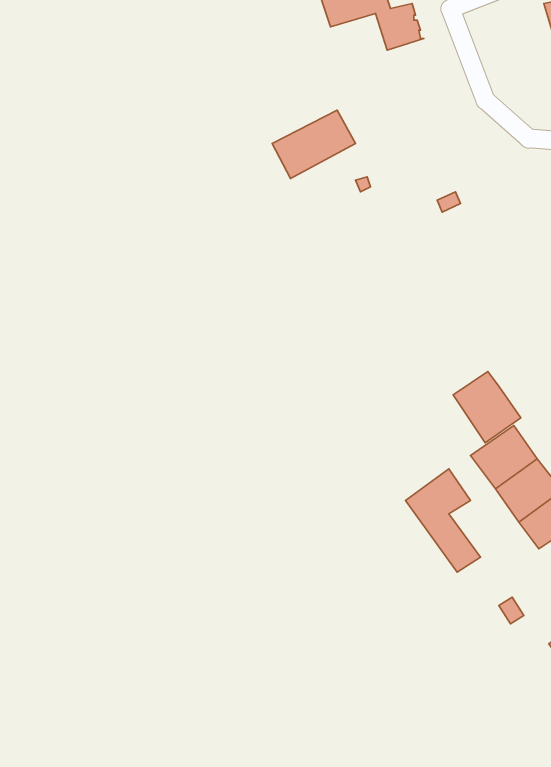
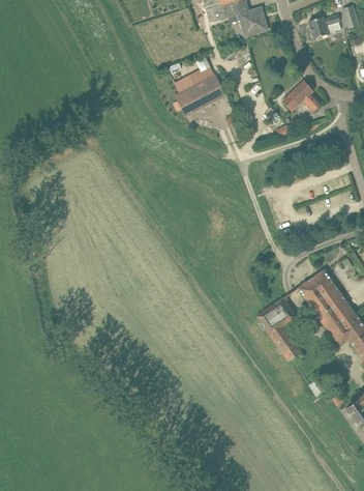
building: none -> [308,13,340,38]
building: none -> [282,80,322,112]
building: [453,372,521,443] -> none

